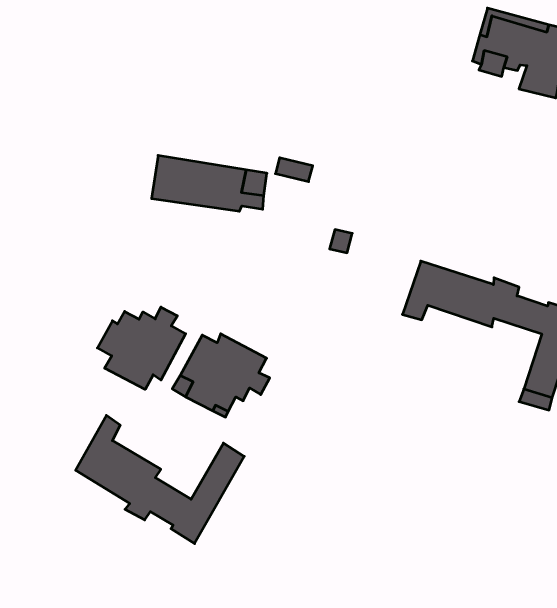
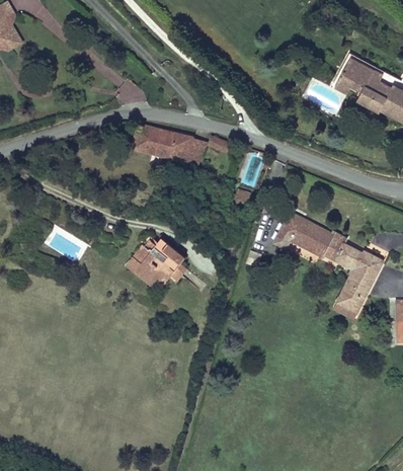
building: [97,307,186,389] -> none
building: [76,415,244,544] -> none

